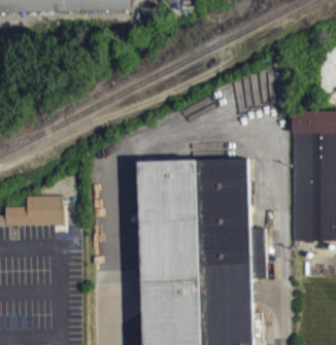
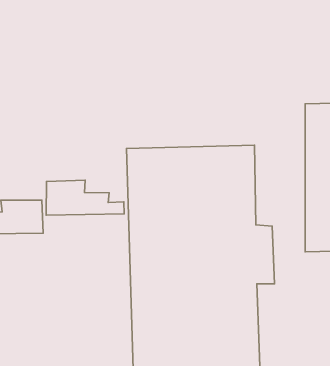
building: none -> [46,180,124,215]

